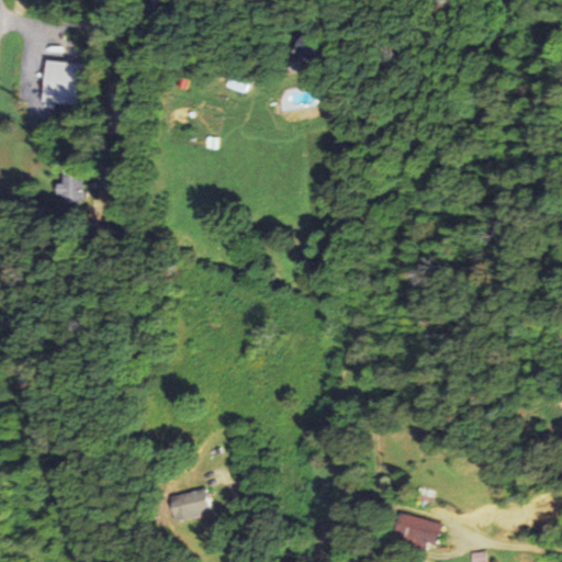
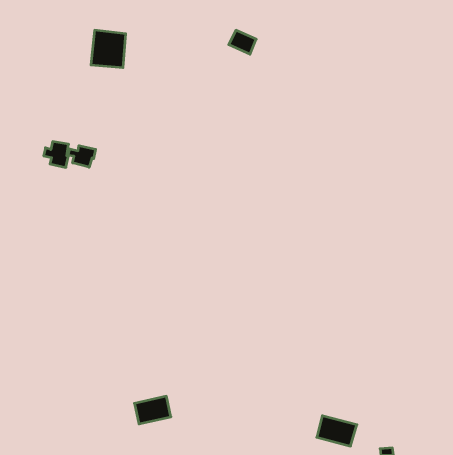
building: [41,59,83,105] -> [91,30,126,68]
building: none -> [68,146,96,167]

